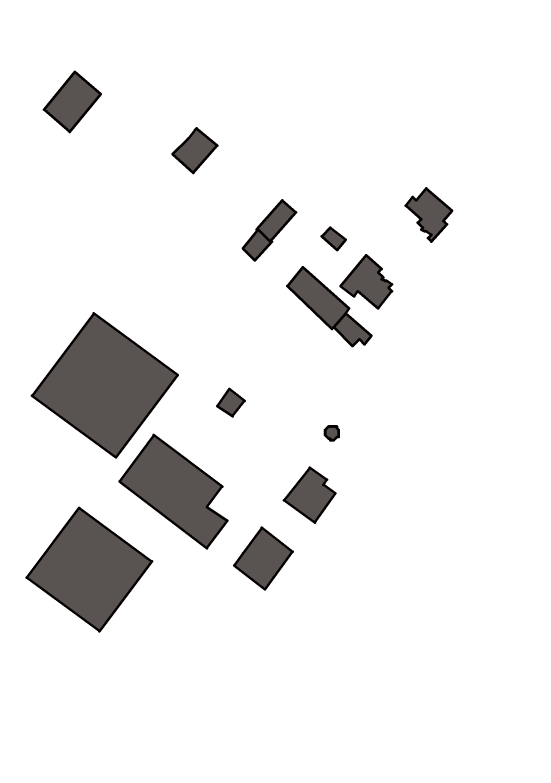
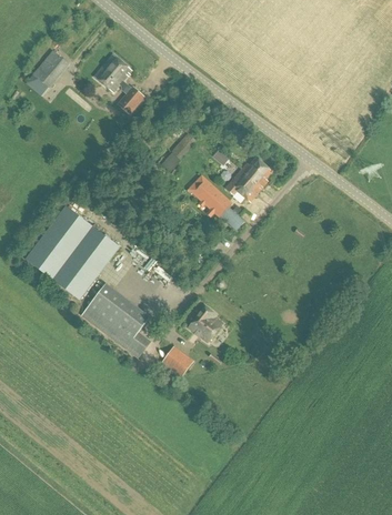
building: none -> [94,54,132,93]
building: [406,188,452,242] -> [242,158,272,192]
building: [27,508,152,631] -> none

